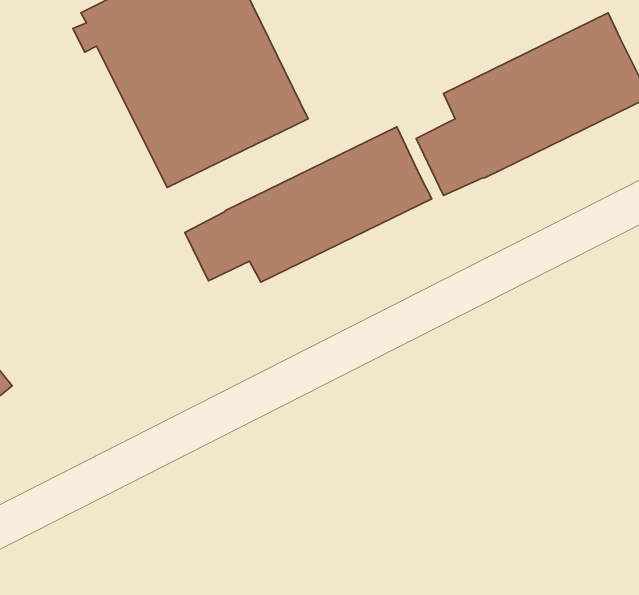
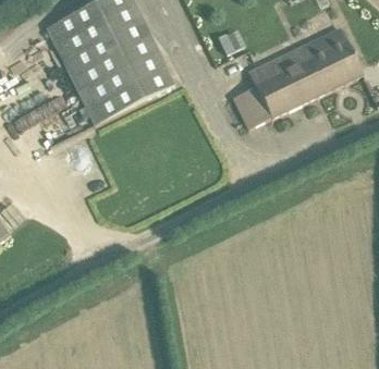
building: [185,127,432,282] -> none

